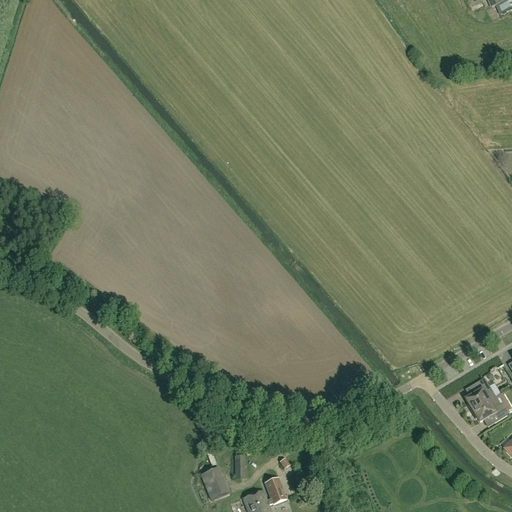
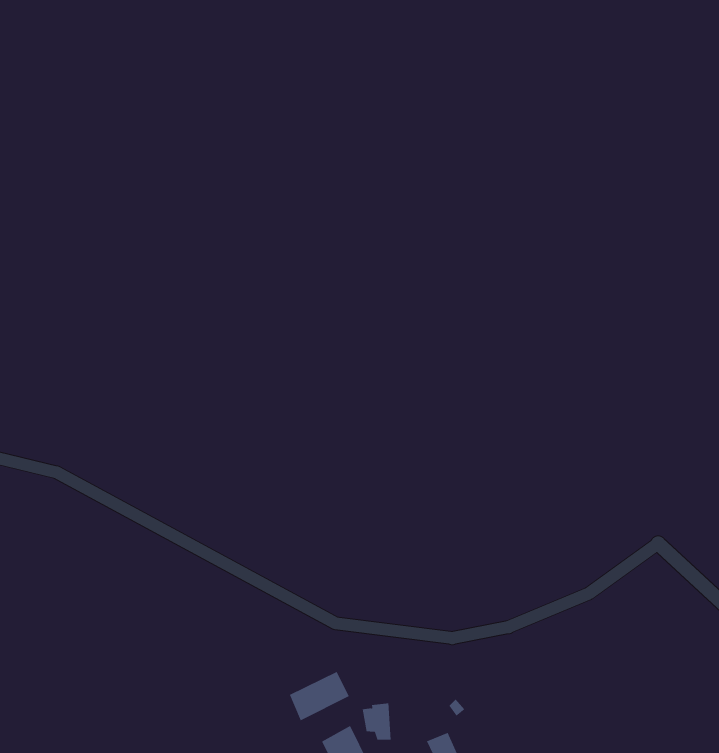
building: none -> [289,671,349,721]

